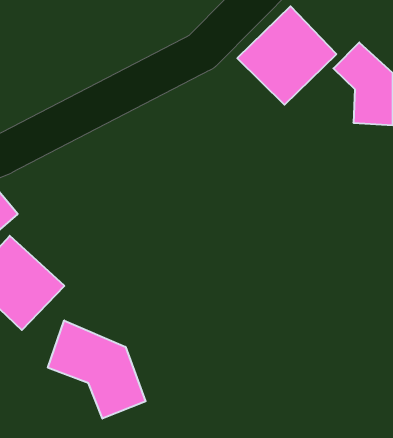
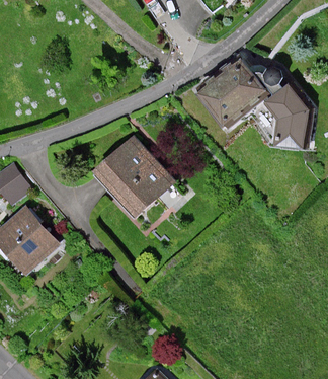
building: none -> [91,136,175,220]
building: [48,320,146,419] -> none

